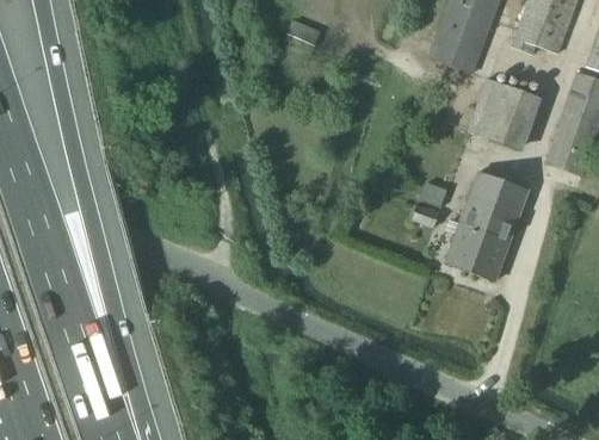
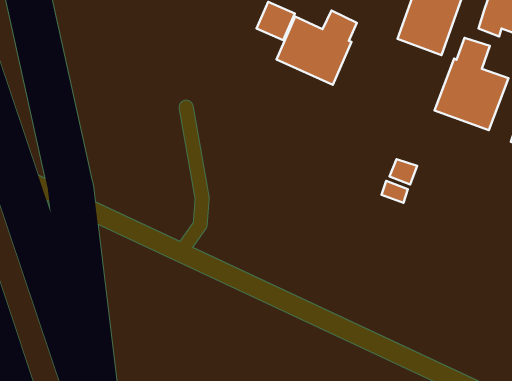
building: none -> [277,11,357,85]
building: [445,169,529,280] -> none

